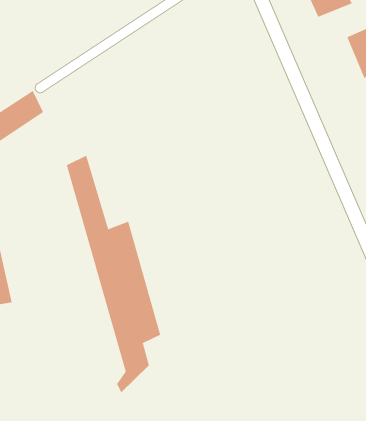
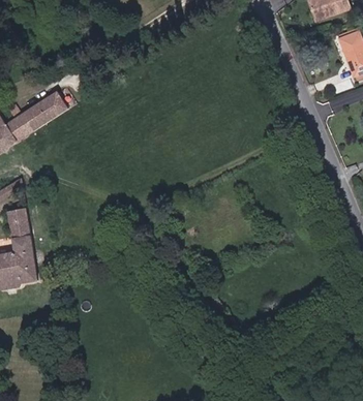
building: [66,155,161,393] -> none

